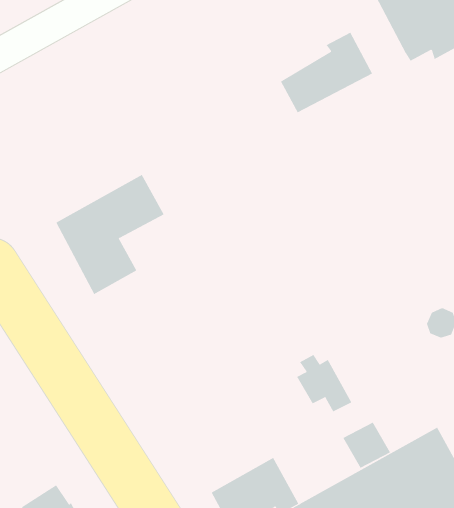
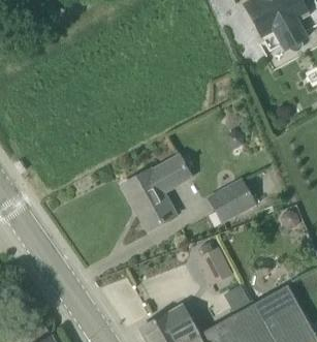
building: [280,32,373,113] -> none
building: [55,174,165,295] -> [122,153,192,230]
building: none -> [216,178,255,221]

